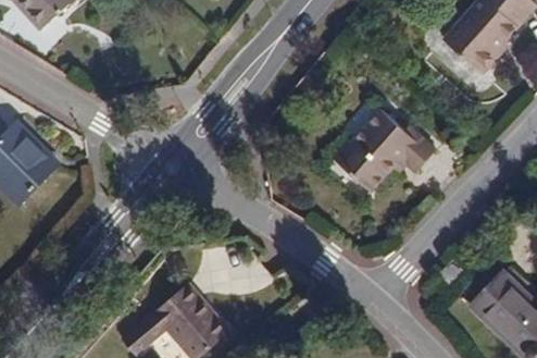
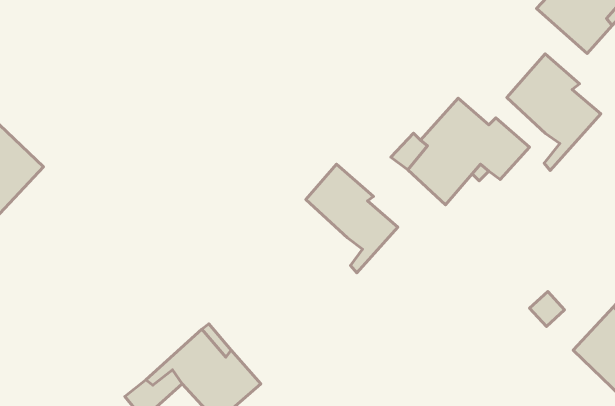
building: none -> [507,54,601,170]
building: none -> [306,164,398,273]

